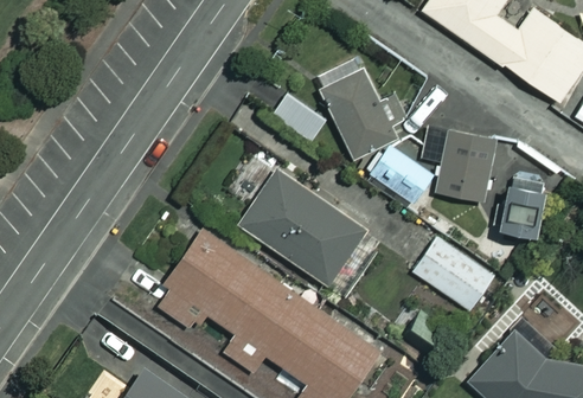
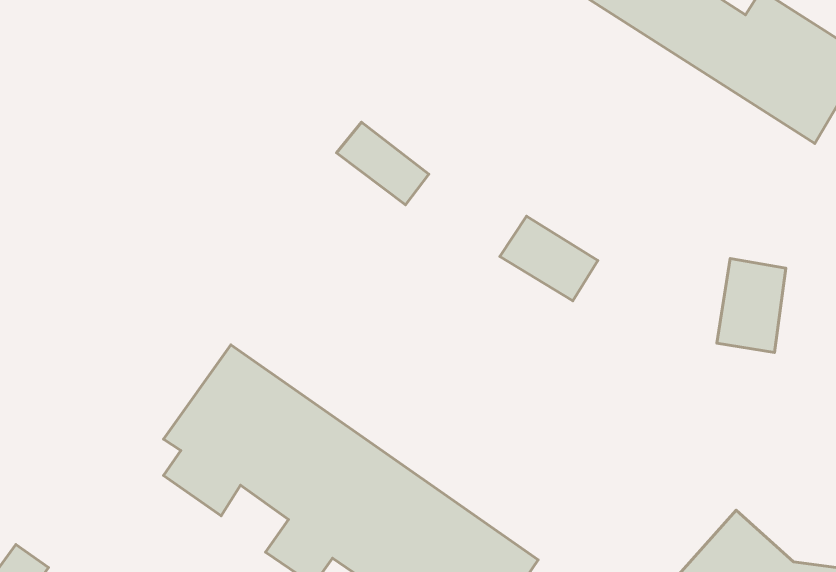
building: [325,65,396,156] -> none
building: [436,131,498,200] -> none
building: [236,165,366,283] -> none
building: [412,235,495,310] -> none

